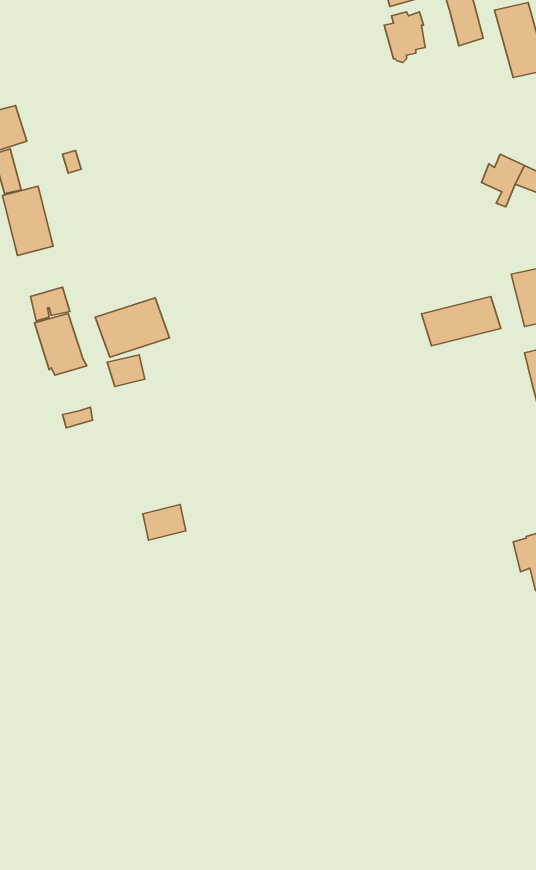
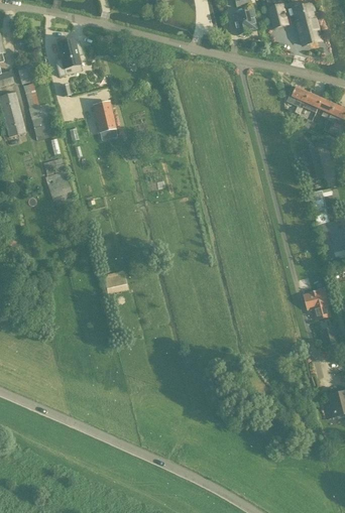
building: none -> [54,37,82,75]
building: none -> [91,100,114,131]
building: [422,297,501,346] -> none
building: [95,298,170,357] -> none

